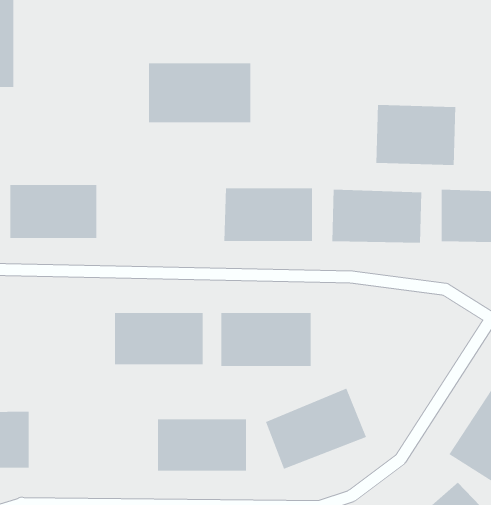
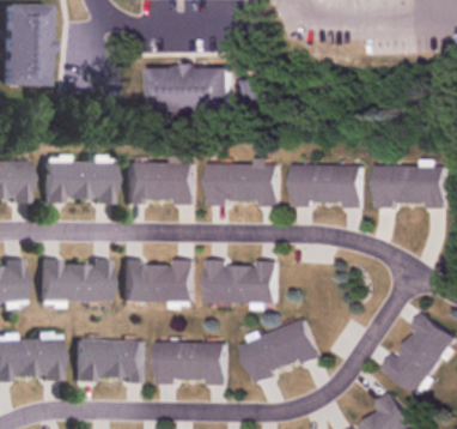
building: [376,104,456,166] -> none
building: none -> [124,162,195,205]
building: none -> [39,259,108,301]
building: none -> [73,340,142,383]

